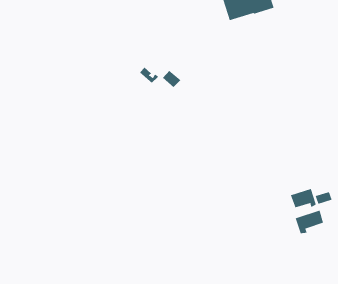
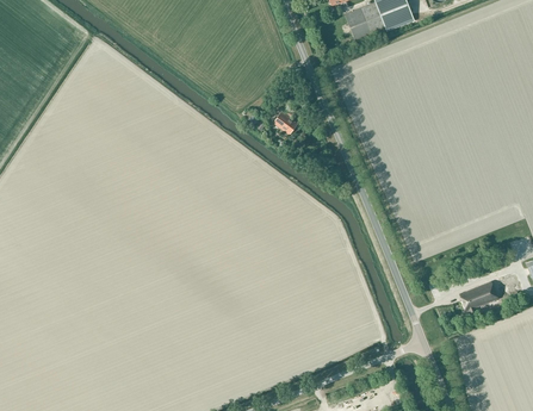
building: [290,188,317,208] -> none

